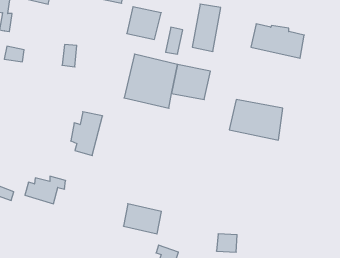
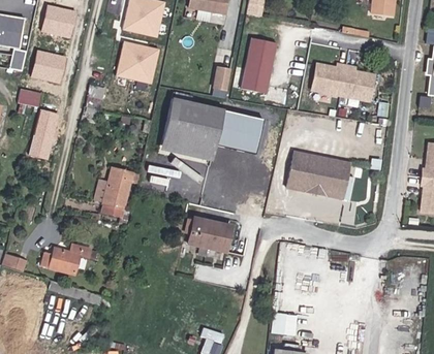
building: [127,7,161,39] -> [118,43,159,83]
building: none -> [33,51,67,84]
building: none -> [30,110,58,159]
building: [123,204,161,234] -> [188,217,234,253]

